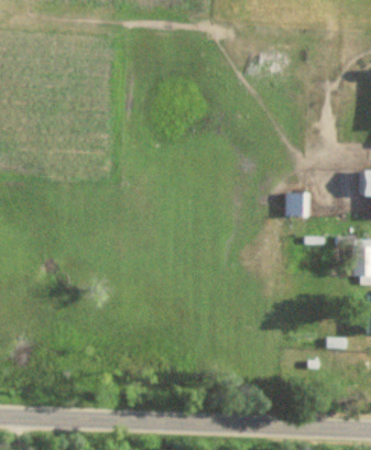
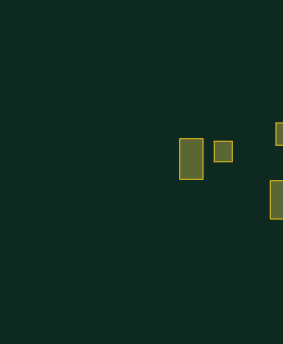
building: none -> [180,139,203,179]

